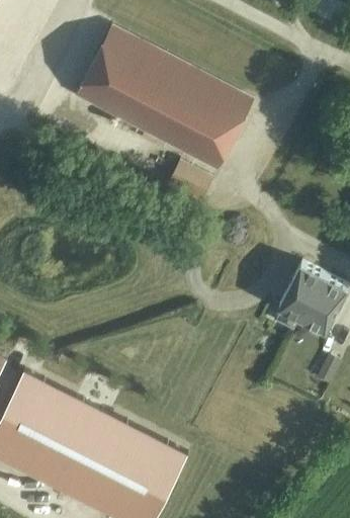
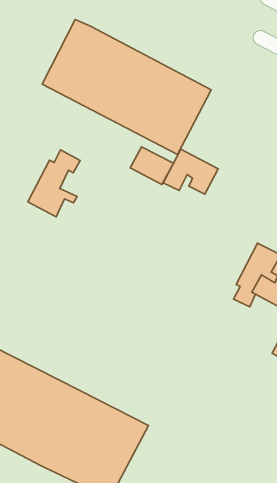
building: none -> [163,149,218,194]
building: none -> [28,150,80,217]

